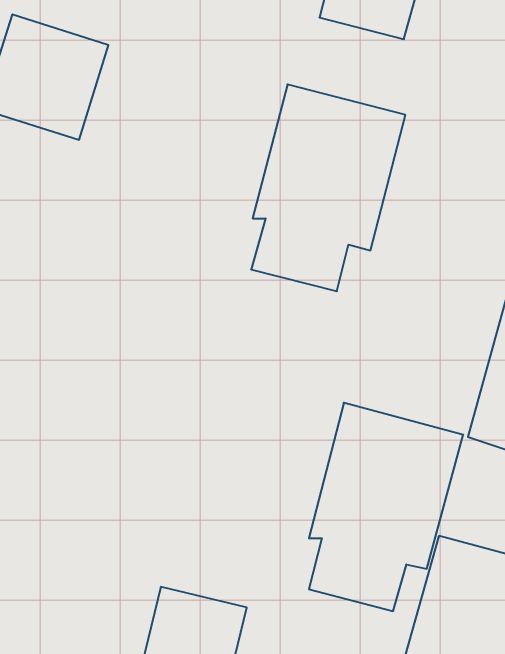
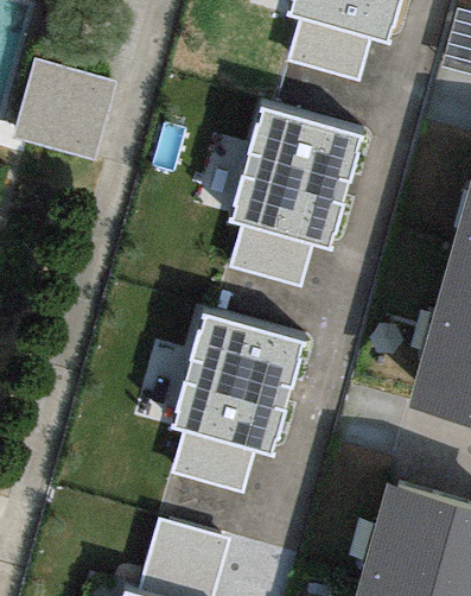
building: [309,403,463,611] -> [176,322,301,492]

